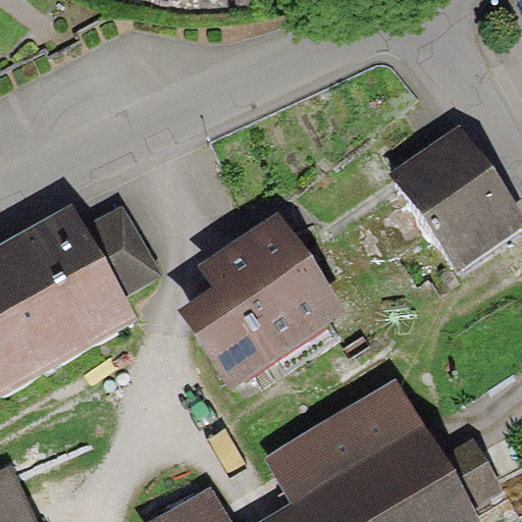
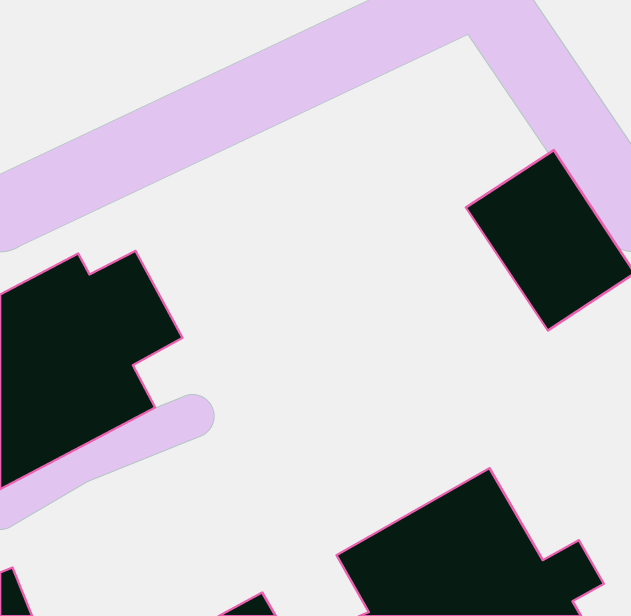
building: [176,216,337,393] -> none

